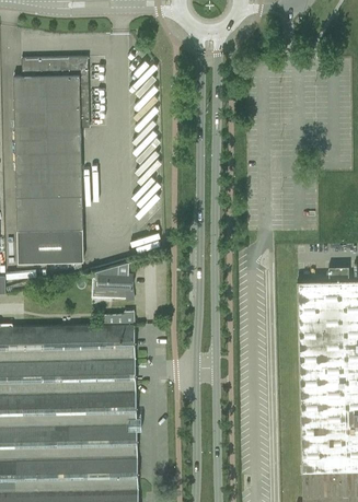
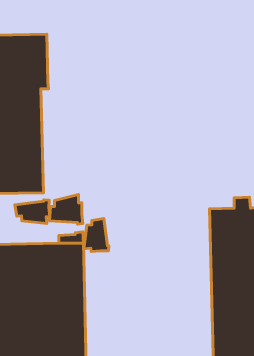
building: none -> [15,200,50,224]
building: none -> [84,219,109,252]

